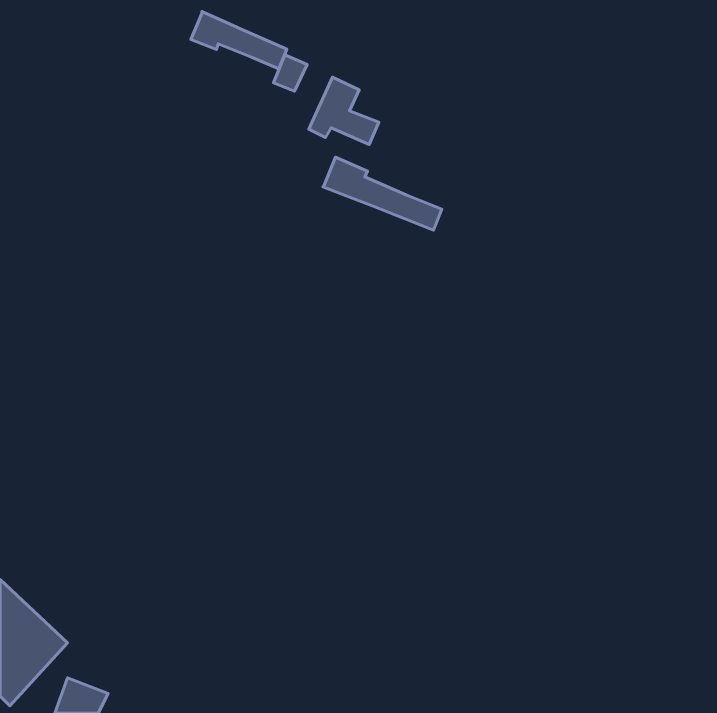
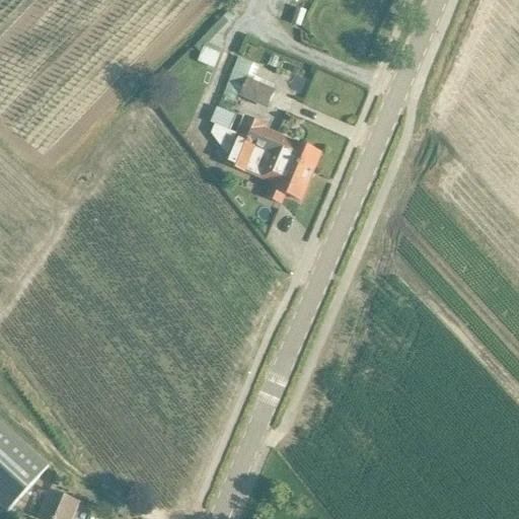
building: [191,12,287,69] -> none
building: none -> [210,122,313,201]

